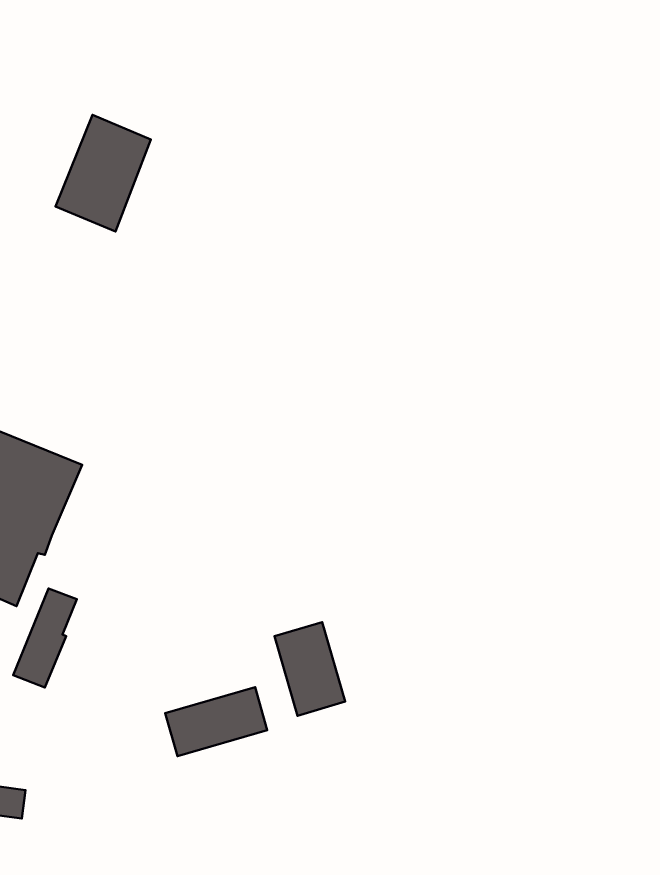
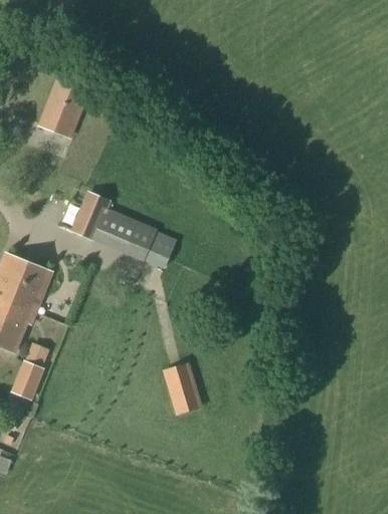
building: none -> [69,191,175,269]
building: [165,687,267,756] -> none

